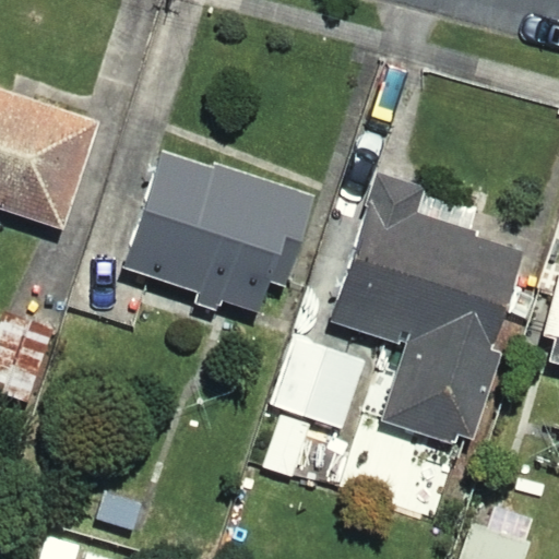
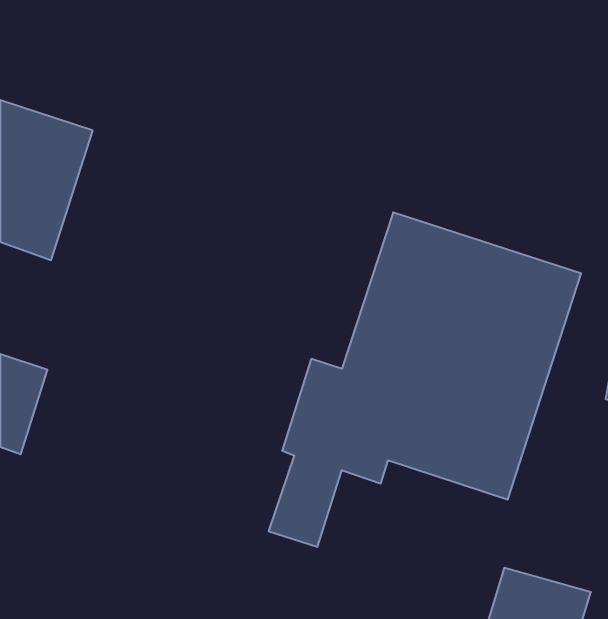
building: [119,148,328,311] -> none

